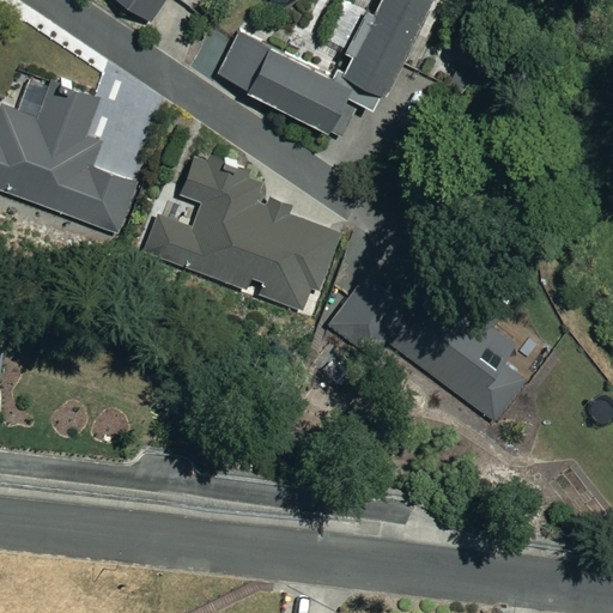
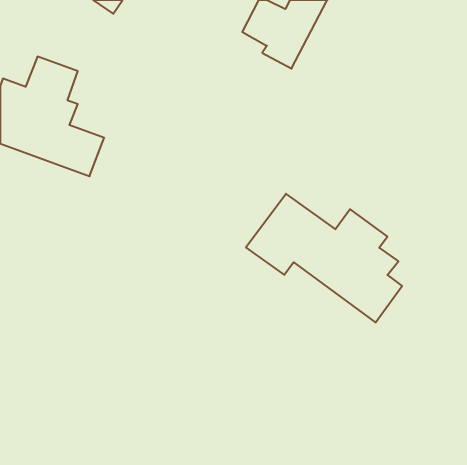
building: [219,32,348,131] -> none
building: [145,159,341,314] -> none

